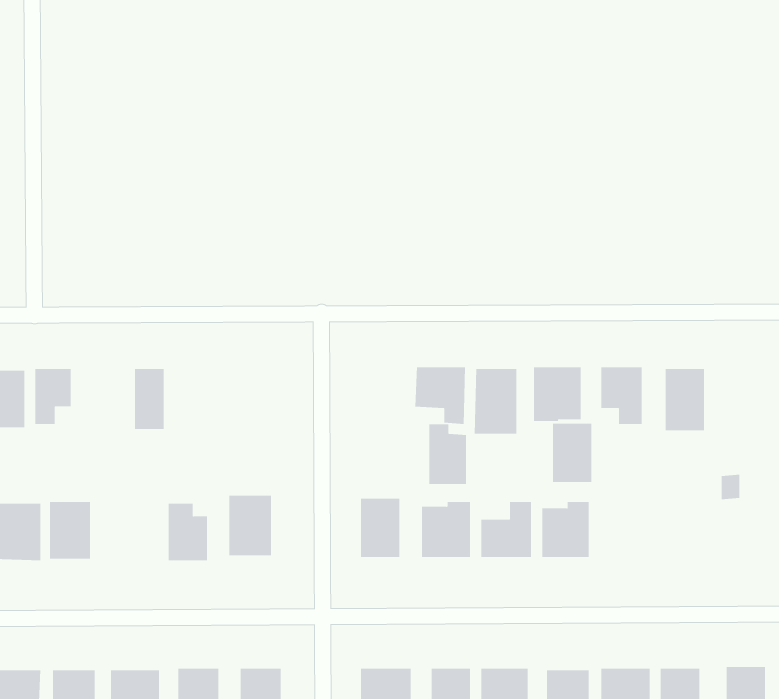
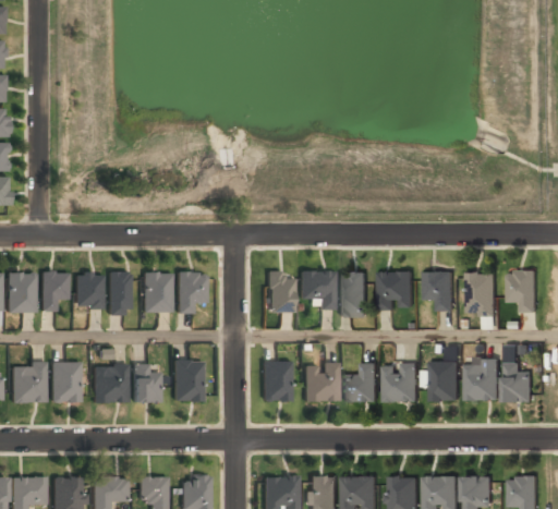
building: none -> [509,270,538,313]
building: none -> [75,272,101,307]
building: none -> [177,272,205,313]
building: none -> [143,274,170,313]
building: [552,423,592,482] -> [432,361,459,401]
building: [428,424,467,485] -> [268,271,294,313]
building: none -> [466,360,500,400]
building: none -> [507,364,533,401]
building: none -> [94,365,126,403]

